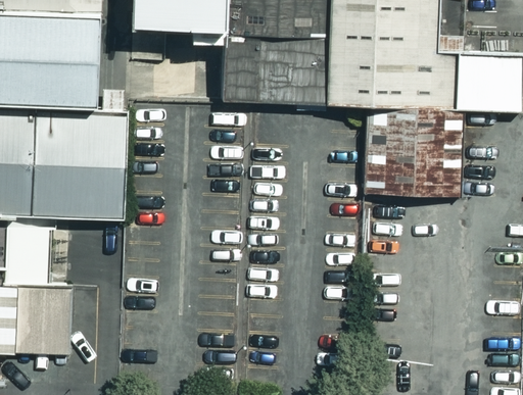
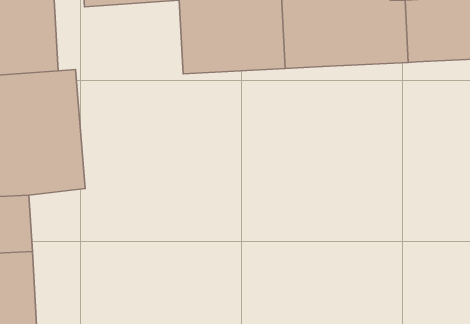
building: [364,107,461,193] -> none

